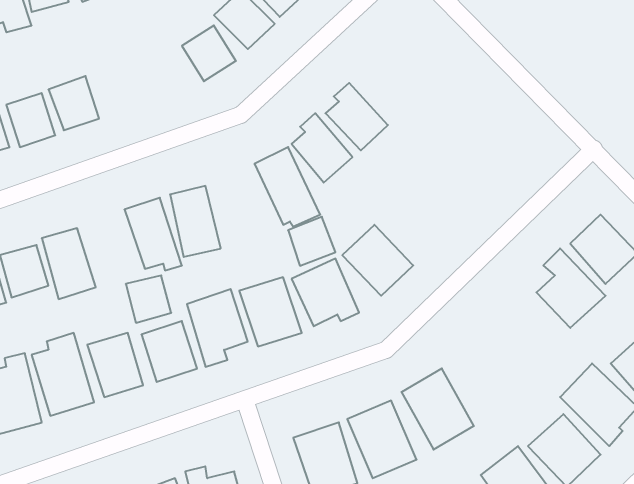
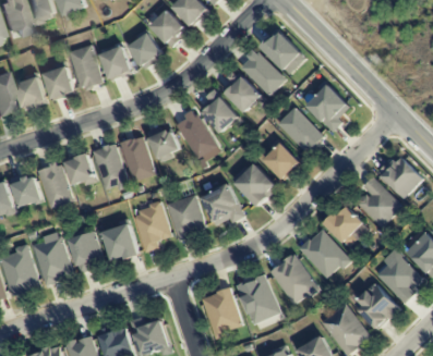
building: none -> [261,29,305,75]
building: none -> [69,45,103,89]
building: none -> [100,47,131,79]
building: none -> [240,50,286,96]
building: none -> [306,84,350,133]
building: none -> [277,107,323,152]
building: none -> [261,140,300,180]
building: [288,217,335,266] -> [149,128,180,160]
building: [126,275,171,323] -> [65,155,95,185]
building: none -> [325,205,369,249]
building: none -> [298,229,349,280]

